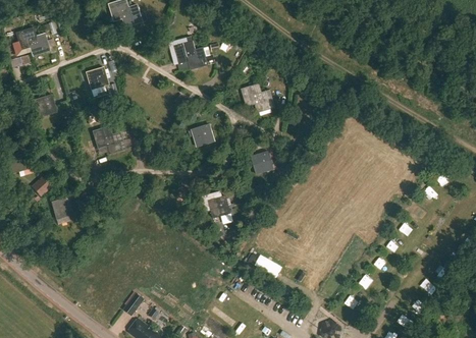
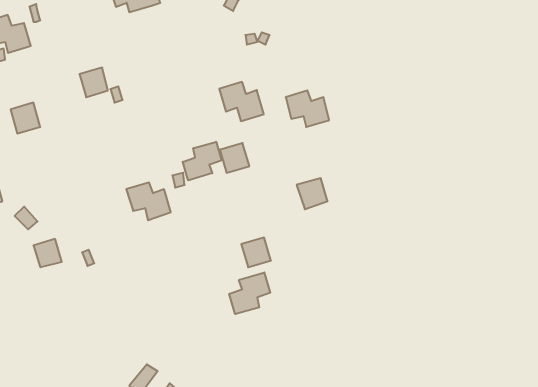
building: [174,42,208,71] -> [219,82,264,121]
building: none -> [183,142,222,180]
building: [92,127,125,156] -> [126,183,171,220]
building: none -> [229,272,270,314]

